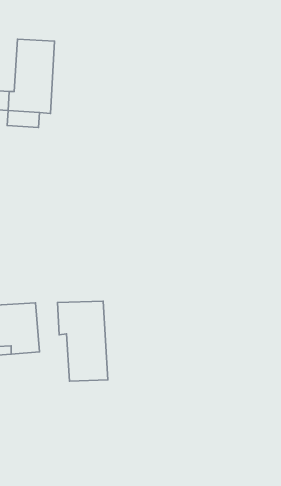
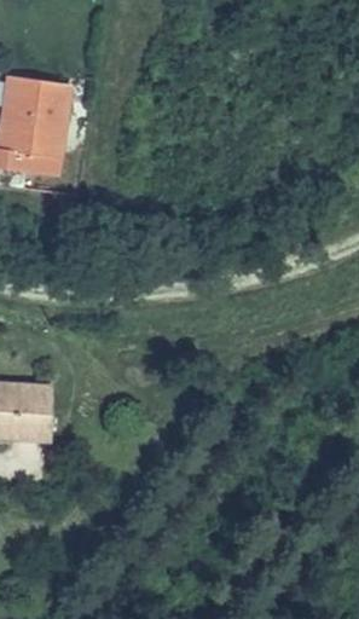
building: [57,301,108,381] -> none

